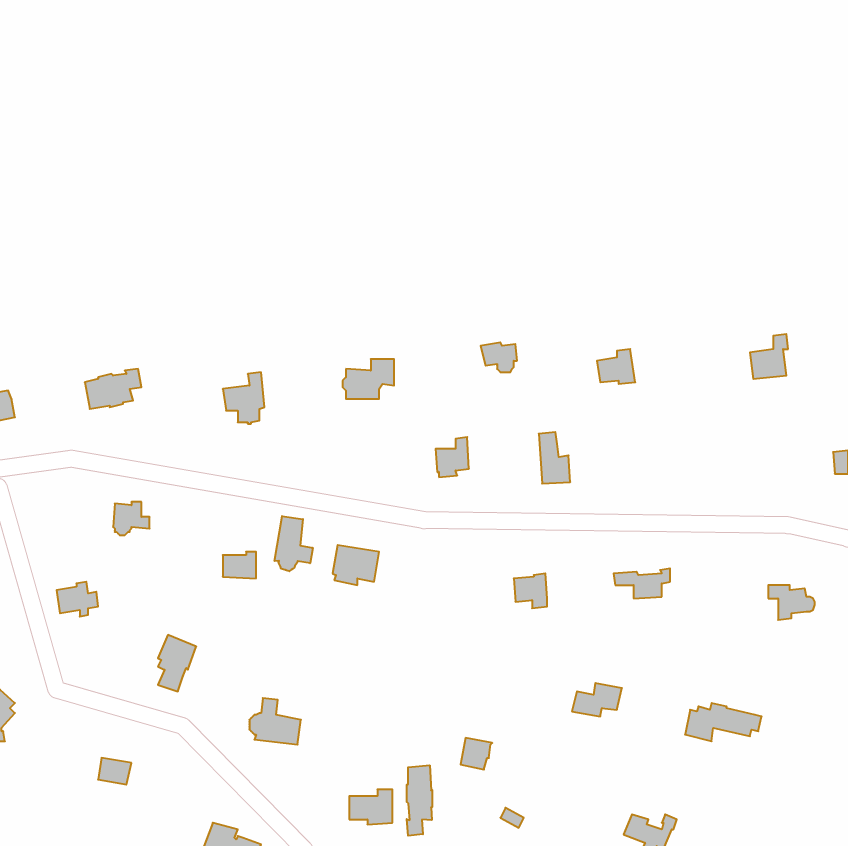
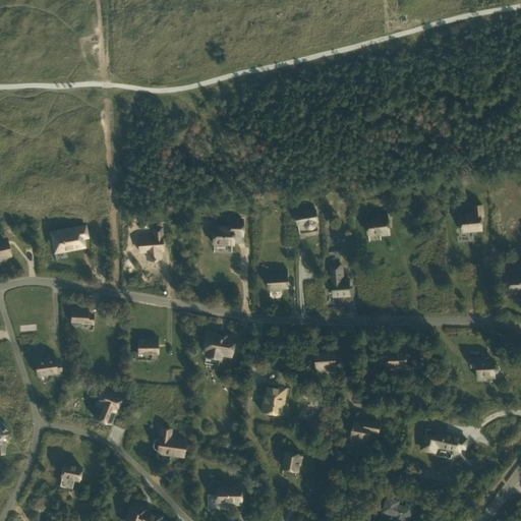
building: [275,516,313,571] -> none
building: none -> [259,389,285,419]
building: [407,765,432,836] -> none

